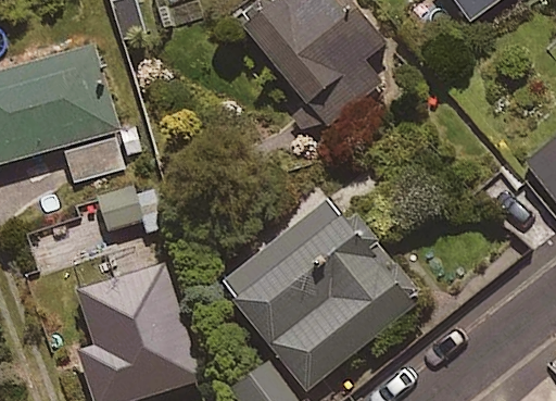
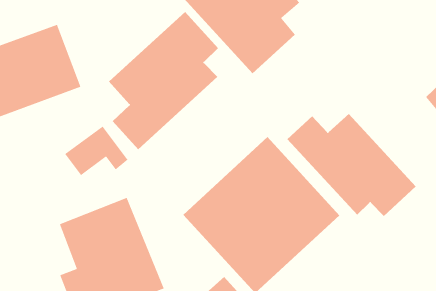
building: none -> [108,11,219,150]
building: none -> [287,113,417,217]

